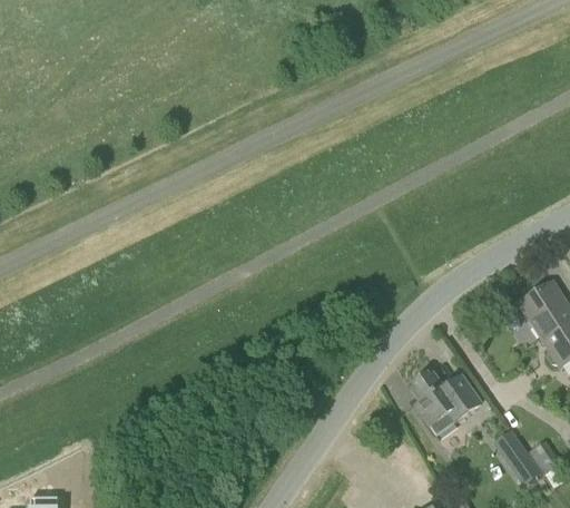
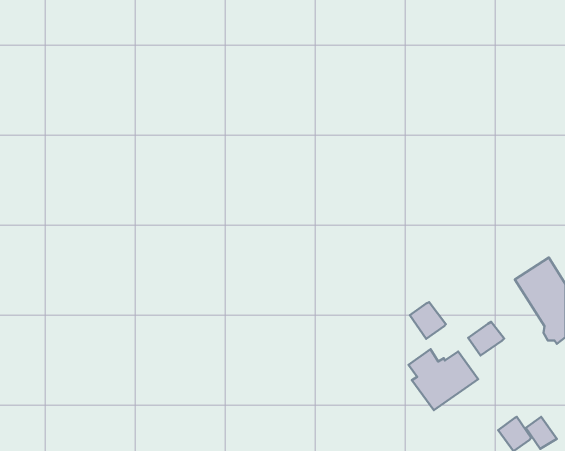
building: none -> [410,302,446,339]
building: none -> [468,322,504,356]

